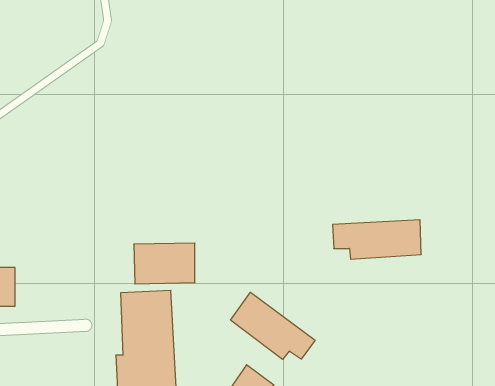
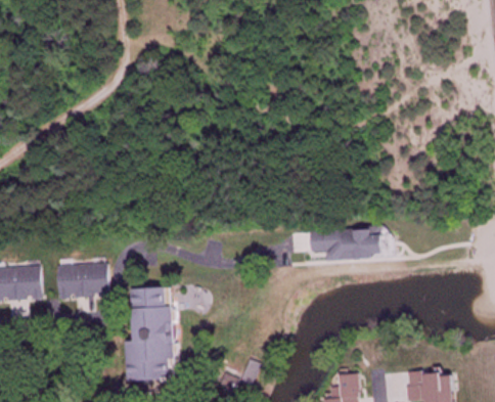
building: [134,243,195,284] -> [54,262,106,297]
building: [231,292,315,359] -> none

